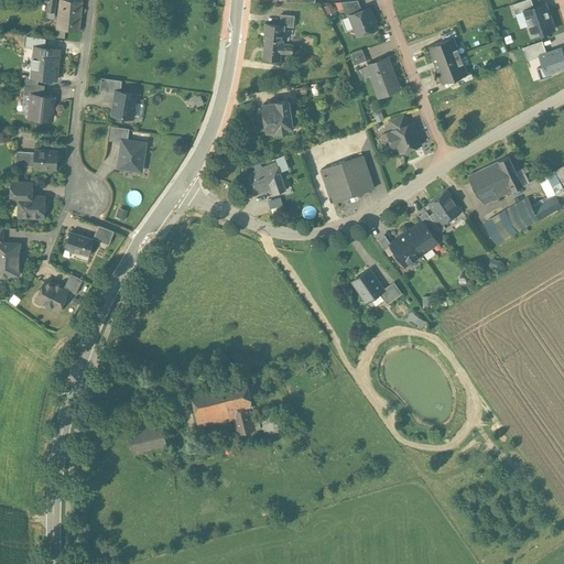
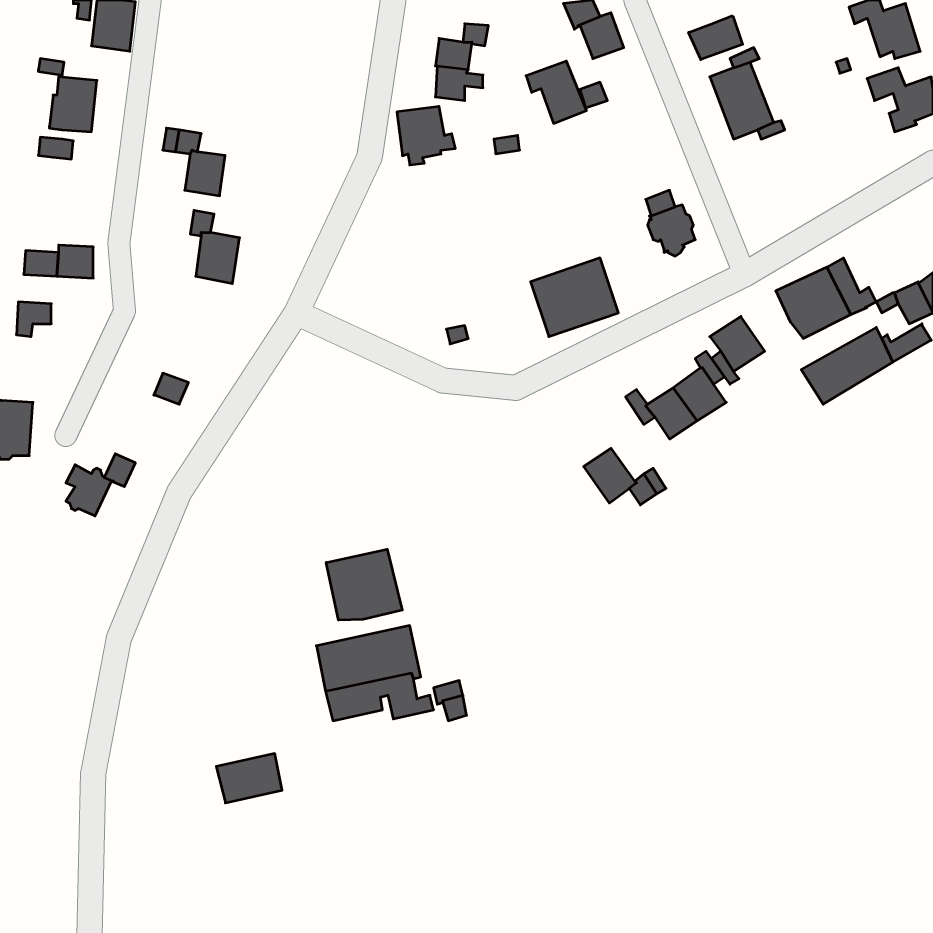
building: none -> [689,16,743,60]
building: [361,59,398,97] -> [526,61,586,123]
building: [28,96,53,119] -> none
building: [262,100,297,135] -> [397,106,455,165]
building: [247,163,285,195] -> none
building: [18,196,47,218] -> none
building: [65,231,94,256] -> none
building: none -> [326,549,402,620]
building: [128,422,167,452] -> [216,754,282,803]

